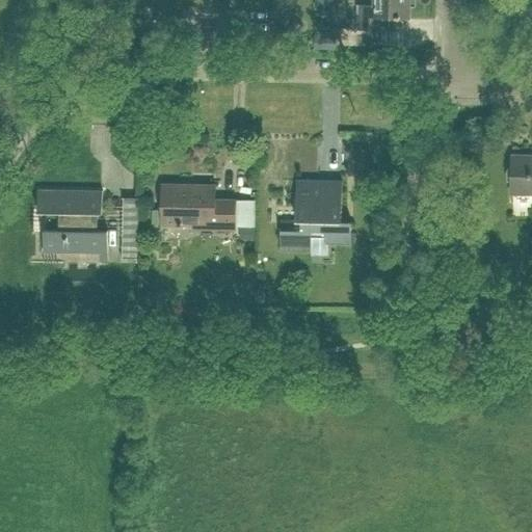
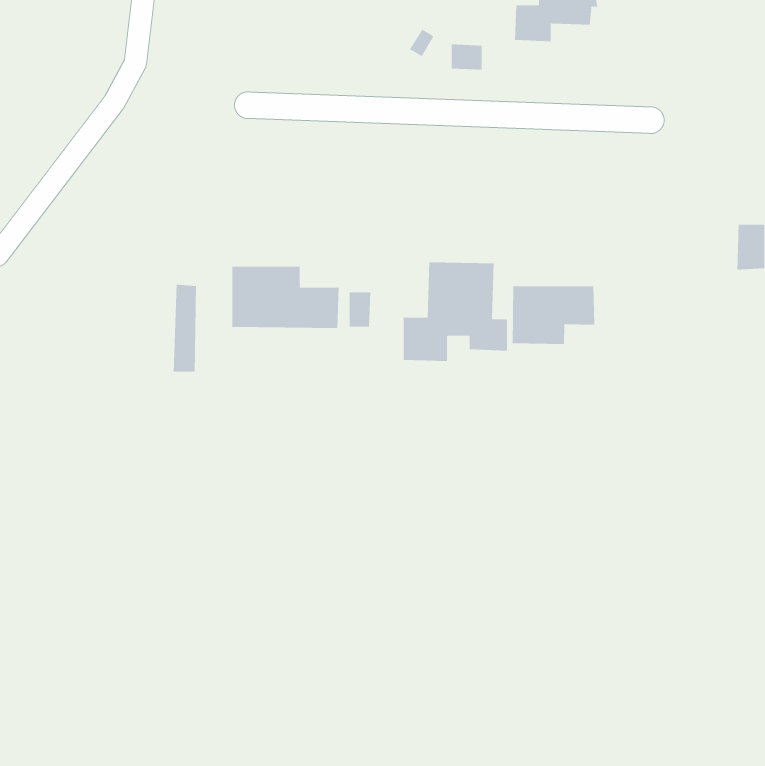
building: [36,188,107,263] -> none
building: none -> [512,285,595,345]

